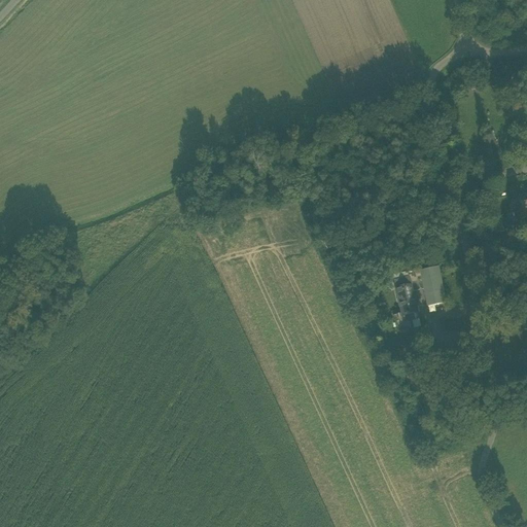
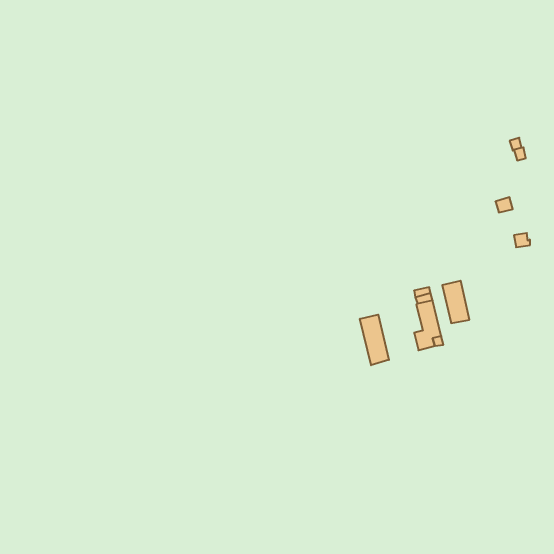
building: none -> [360,315,389,365]

